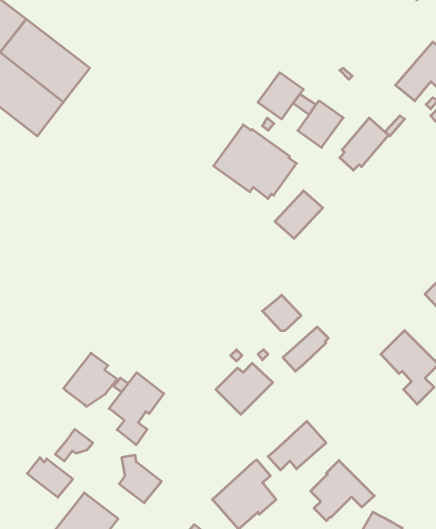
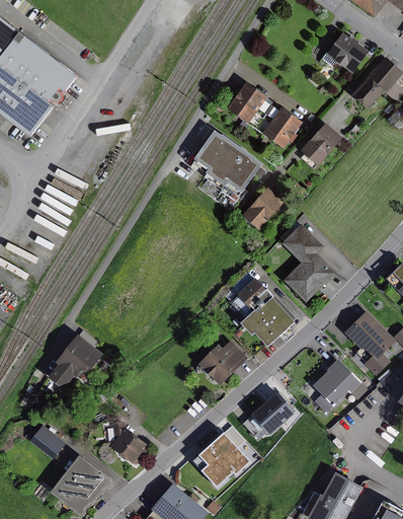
building: none -> [324,31,373,72]
building: none -> [278,221,333,301]
building: none -> [238,294,285,336]
building: [109,373,164,445] -> none
building: [55,429,93,461] -> [44,364,77,392]
building: [311,460,374,521] -> [309,358,366,412]

